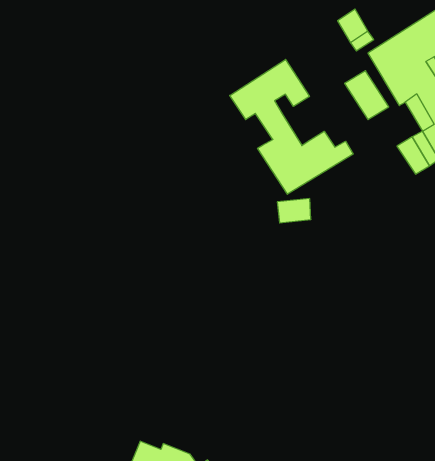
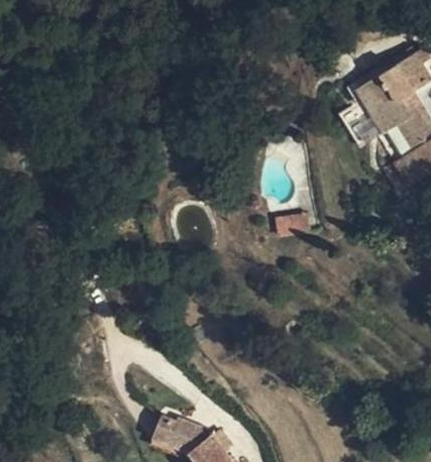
building: [230,59,353,194] -> none

